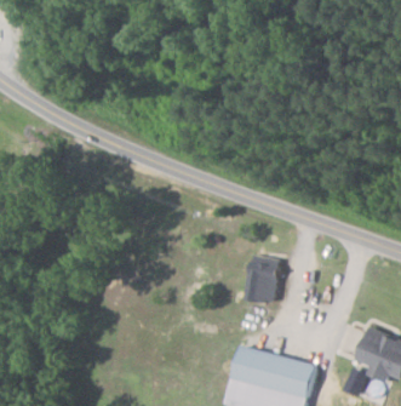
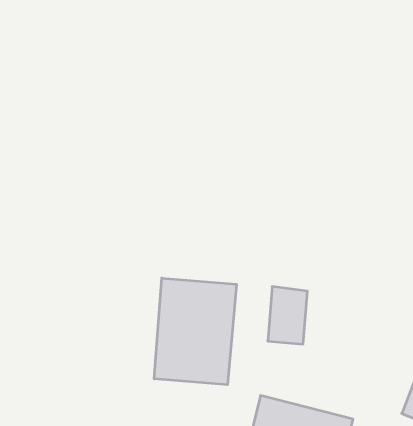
building: none -> [154,278,236,385]

